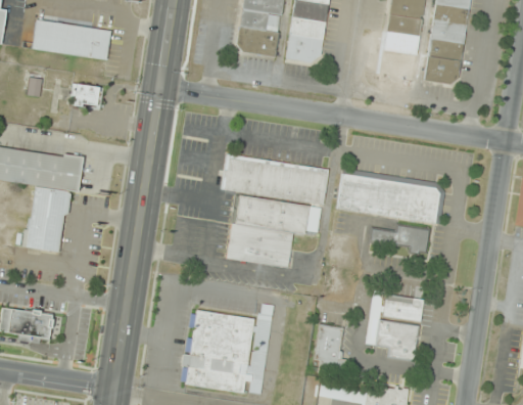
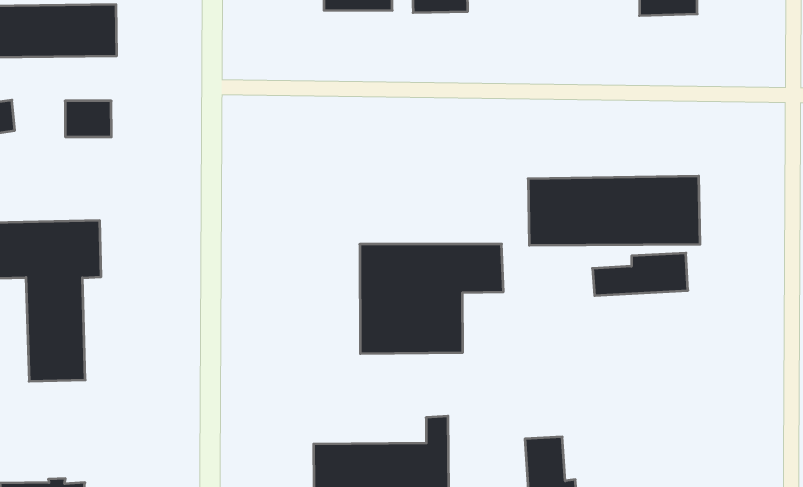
building: [221,154,329,205] -> none
building: [365,291,423,361] -> none

